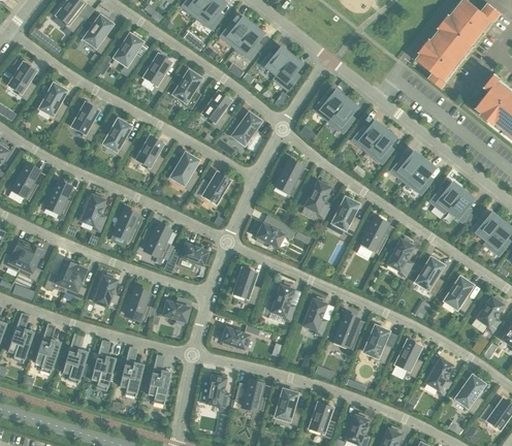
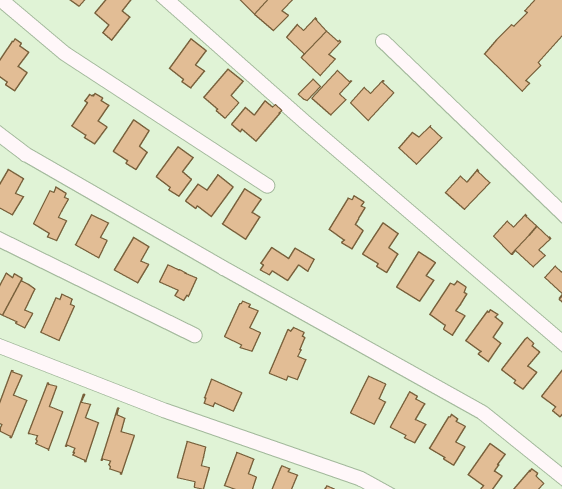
building: [143,53,170,90] -> none
building: [327,97,356,131] -> [312,70,352,115]
building: [71,99,98,138] -> none
building: [366,128,394,162] -> none
building: [274,158,301,196] -> [222,189,261,239]
building: [406,159,434,193] -> none
building: [125,286,150,320] -> none
building: [301,294,327,334] -> none
building: [162,299,190,323] -> none

